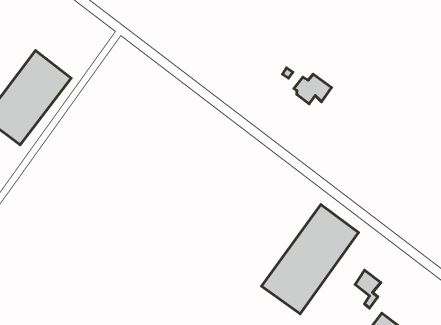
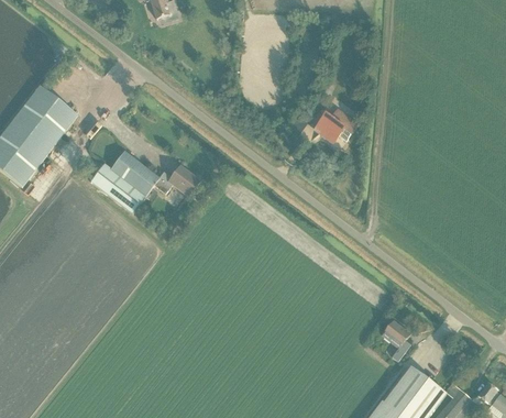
building: none -> [89,150,199,213]
building: [261,204,358,314] -> none

